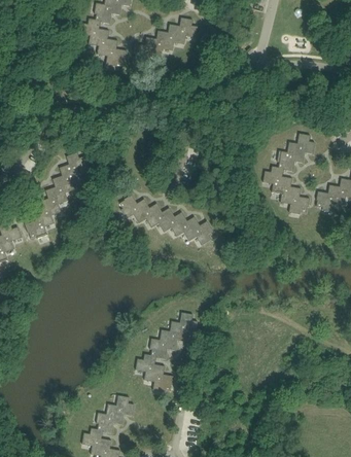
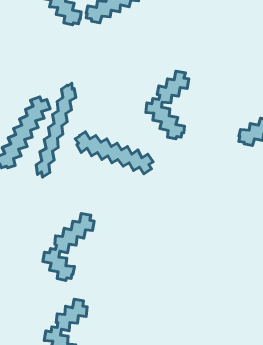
building: [265,133,316,214] -> [146,71,189,139]
building: none -> [36,83,76,177]
building: [137,312,199,392] -> [43,213,94,280]

